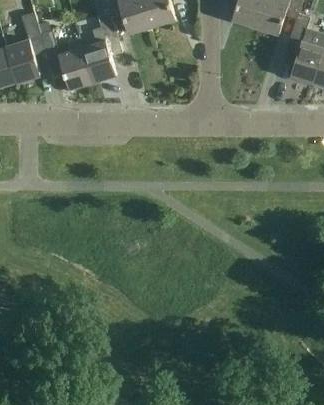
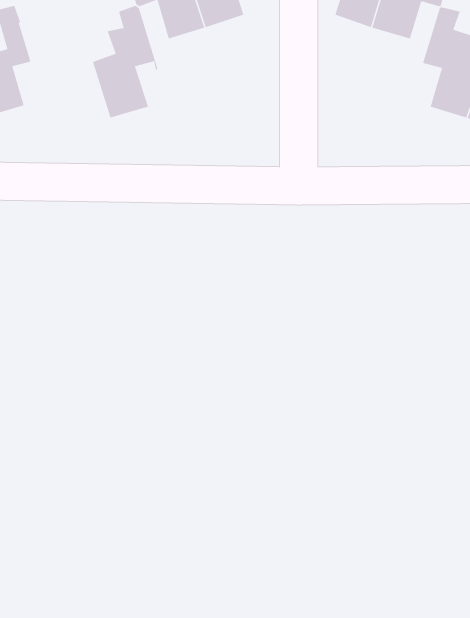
building: [36,20,92,89] -> none

